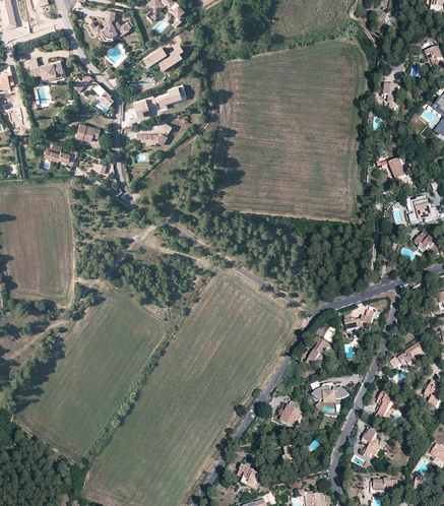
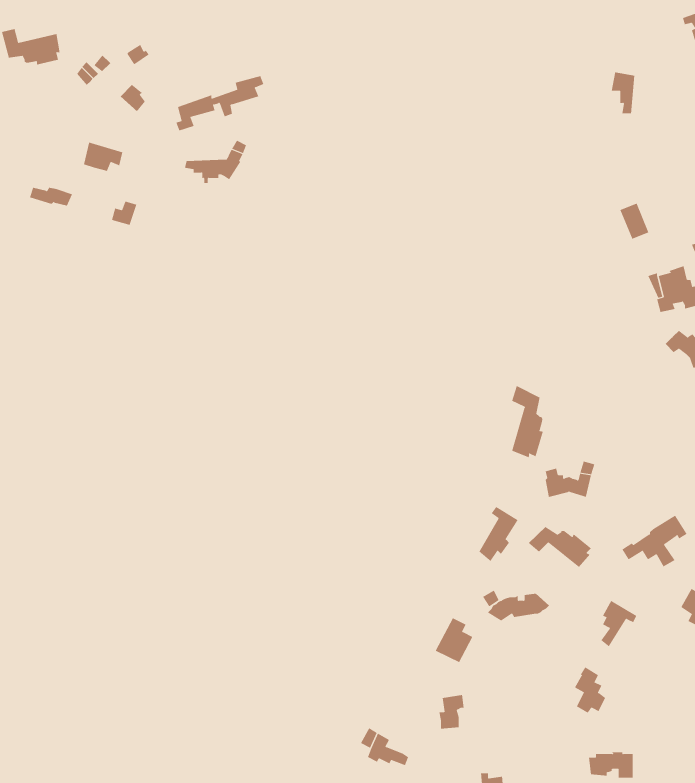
building: [143,46,183,69] -> none
building: none -> [512,385,543,458]
building: none -> [528,526,592,568]

